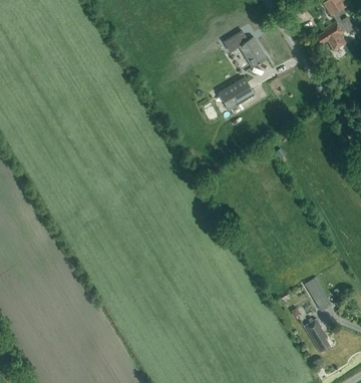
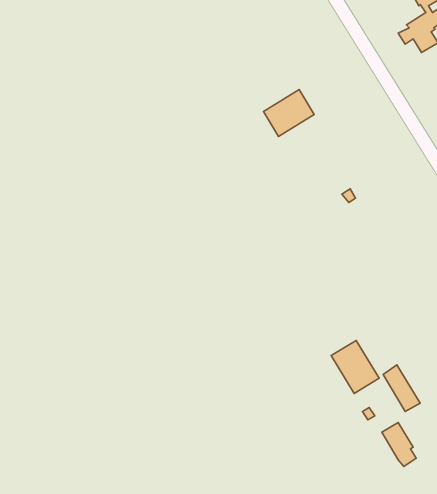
building: [223,37,266,67] -> none
building: none -> [331,340,379,393]

